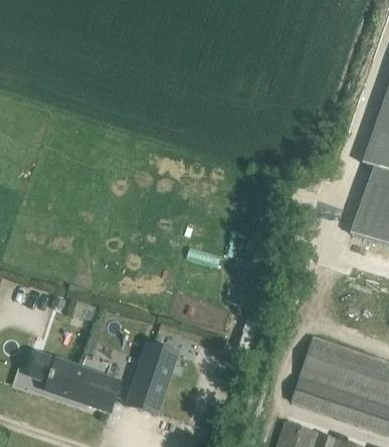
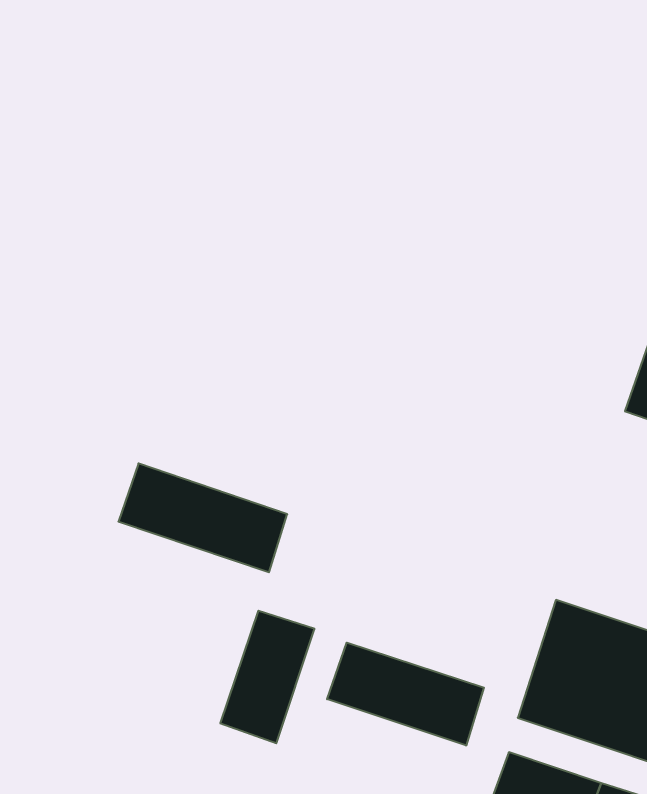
building: [26,353,120,413] -> [118,463,287,572]
building: none -> [327,643,484,746]

